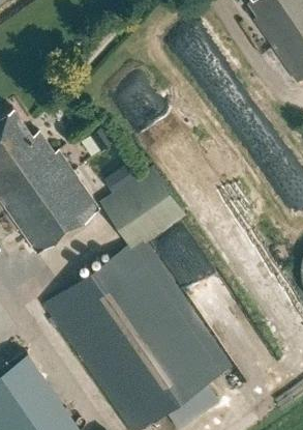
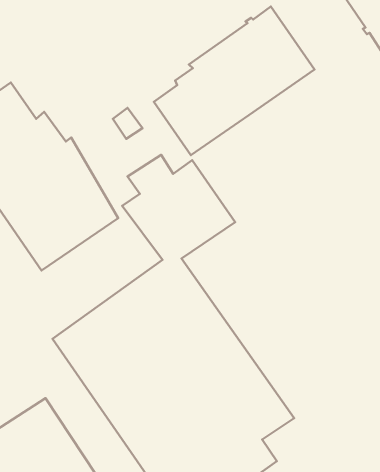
building: none -> [154,6,315,155]

